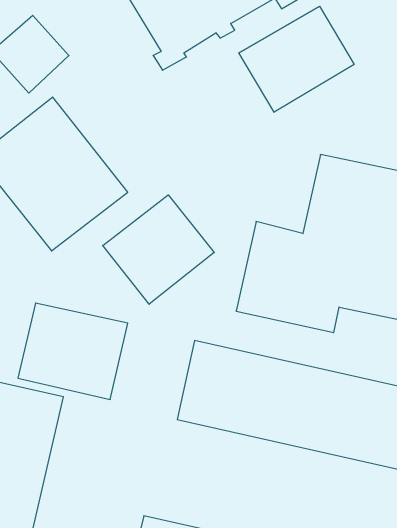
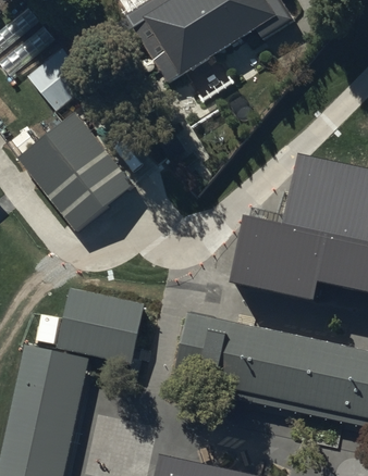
building: [239,6,354,112] -> none
building: [103,195,214,304] -> none

